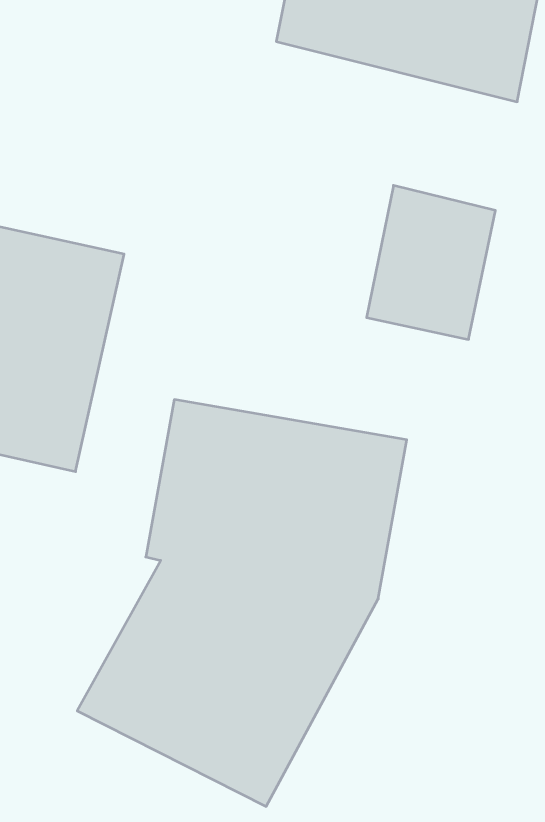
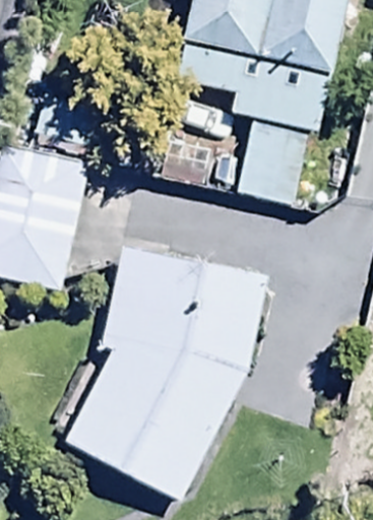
building: none -> [176,30,331,133]

